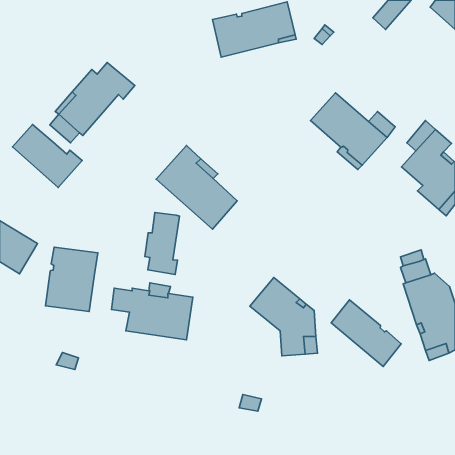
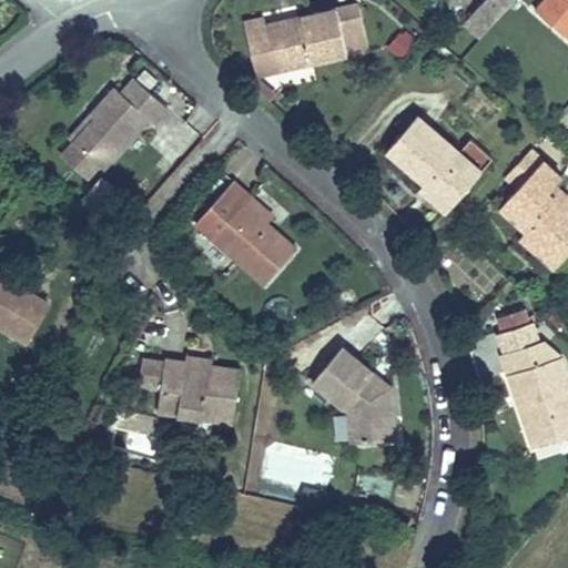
building: [12,125,82,188] -> none
building: [145,213,179,274] -> none
building: [45,247,98,312] -> none
building: [331,300,401,367] -> none

